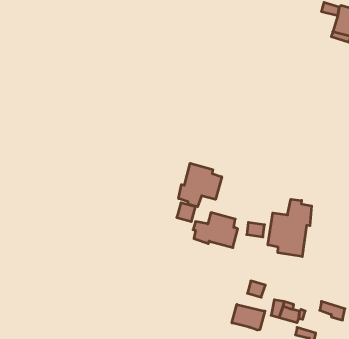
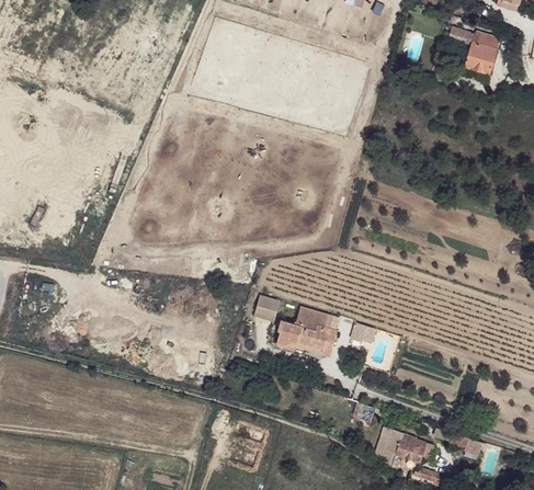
building: [179,163,222,207] -> none
building: [268,199,312,257] -> none
building: [232,304,265,330] -> none

